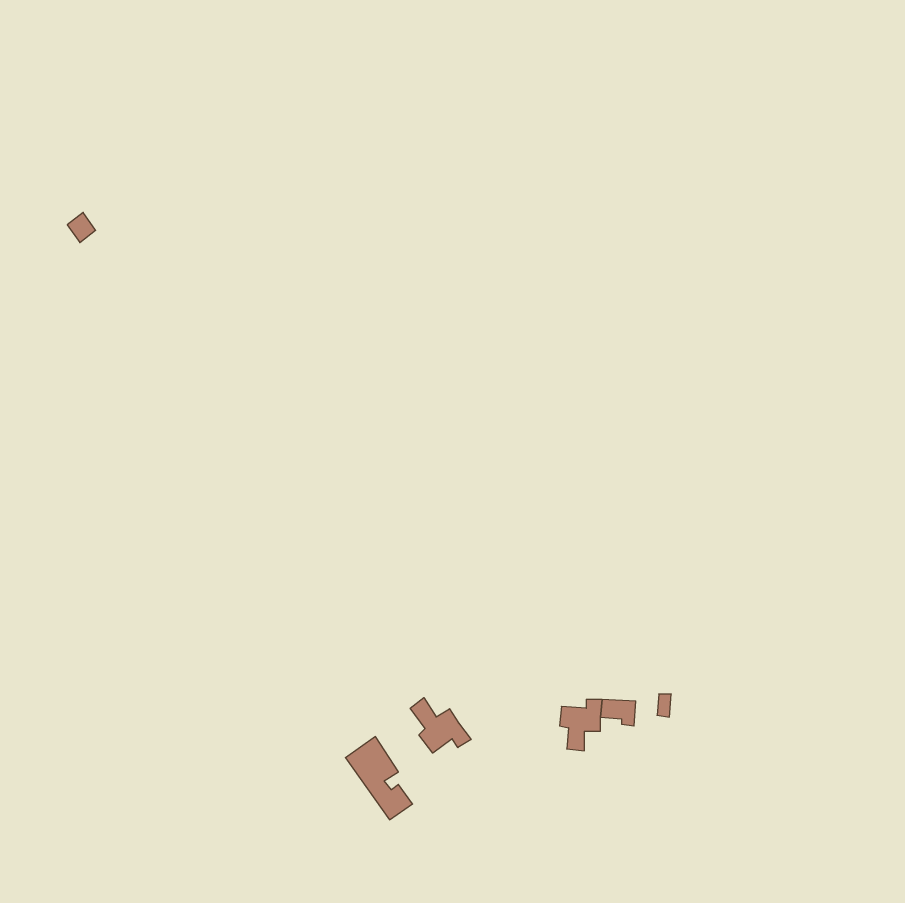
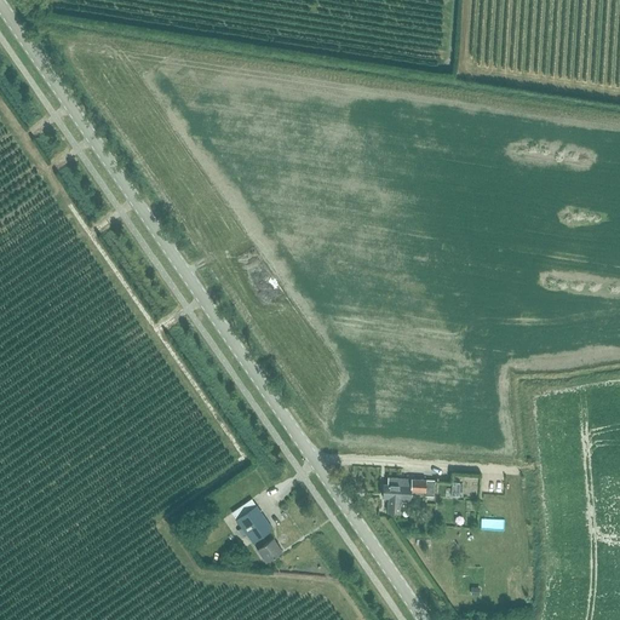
building: [410,698,471,753] -> none

